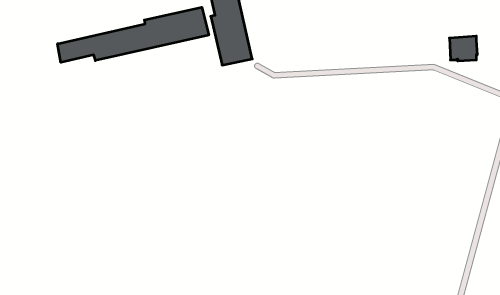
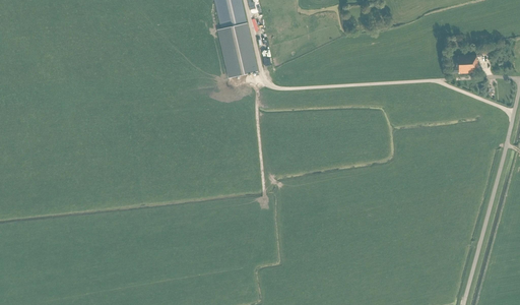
building: [58,7,209,62] -> none

